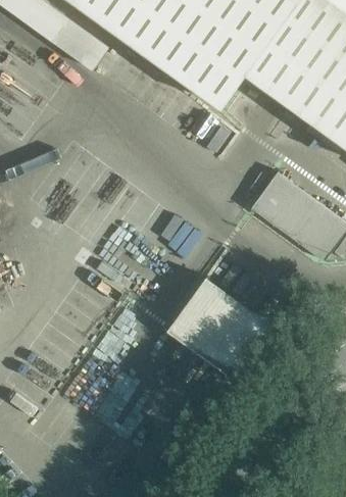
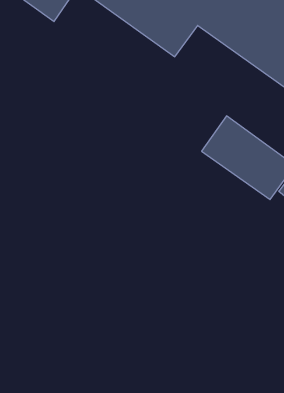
building: [166,278,273,380] -> none

